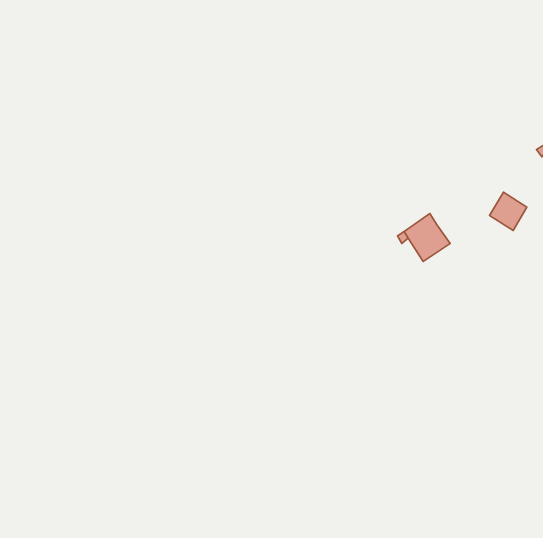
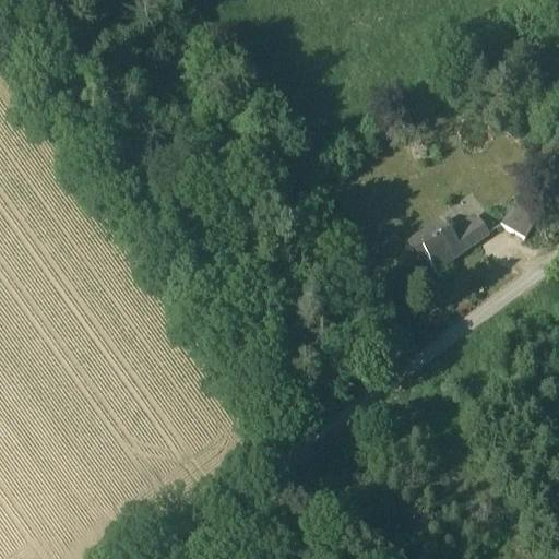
building: none -> [450,212,490,249]

